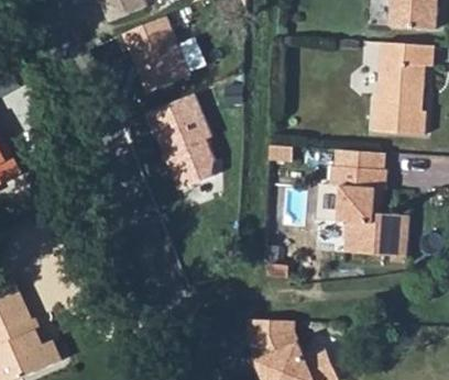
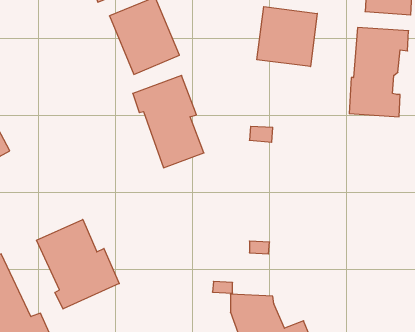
building: none -> [257,7,317,67]
building: [329,150,405,257] -> none
building: none -> [36,219,119,309]

